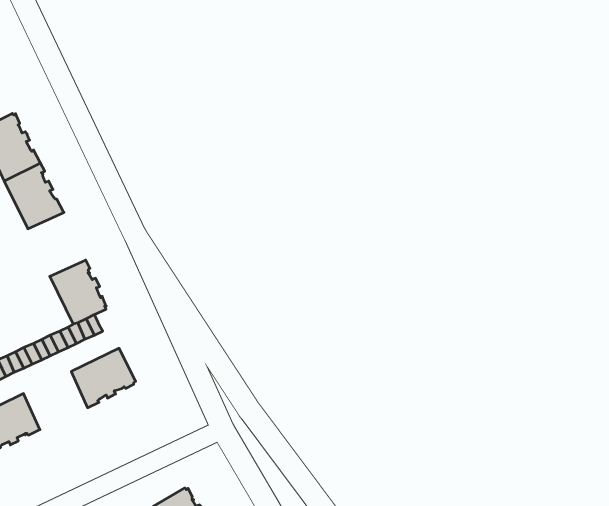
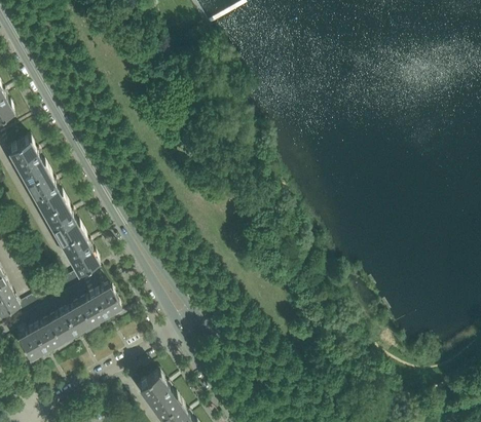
building: none -> [41,198,80,240]
building: none -> [46,301,88,340]

